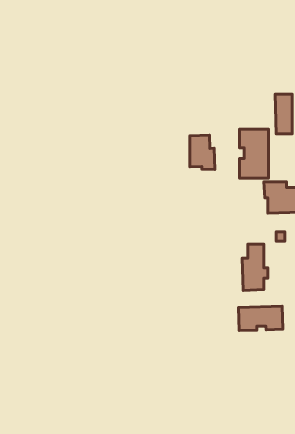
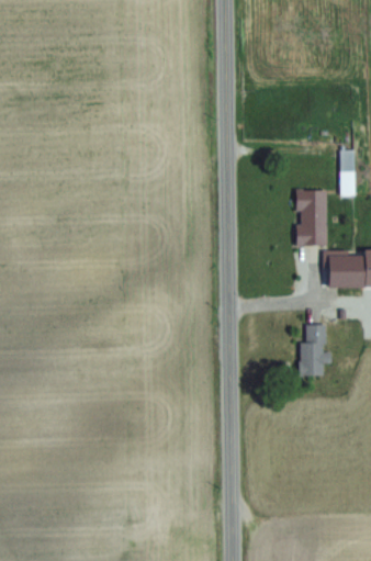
building: [190,135,215,169] -> none
building: [239,306,283,331] -> none

